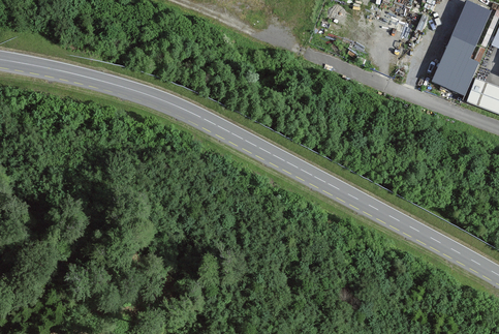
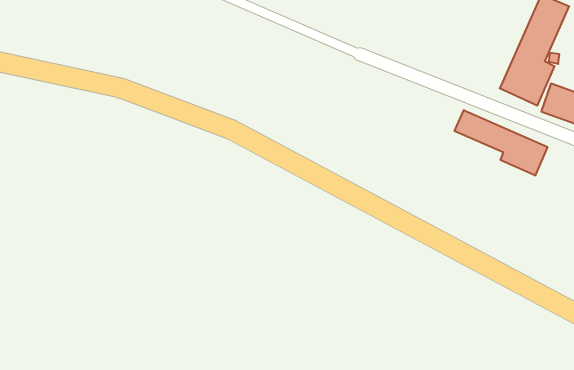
building: none -> [455,110,547,176]

